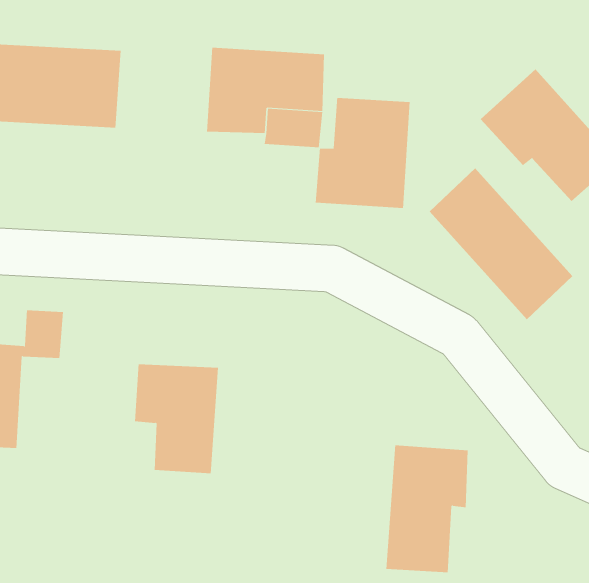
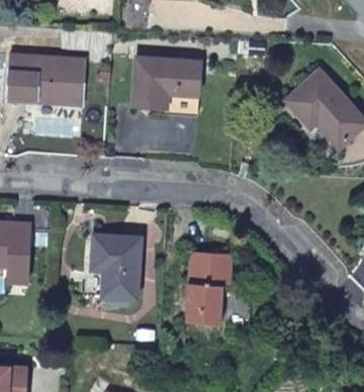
building: [315,97,410,209] -> none
building: [429,168,573,320] -> none
building: [386,445,468,573] -> [186,252,233,323]

